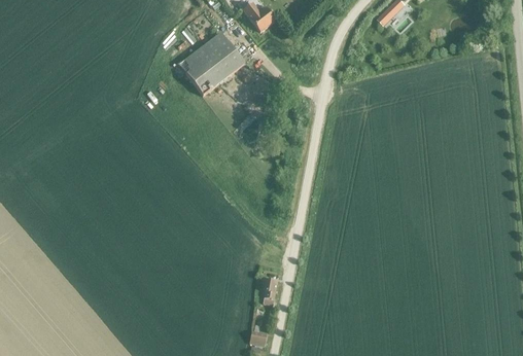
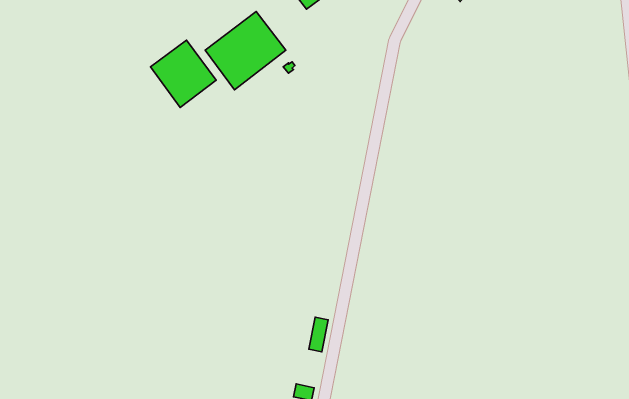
building: none -> [151,40,216,108]

